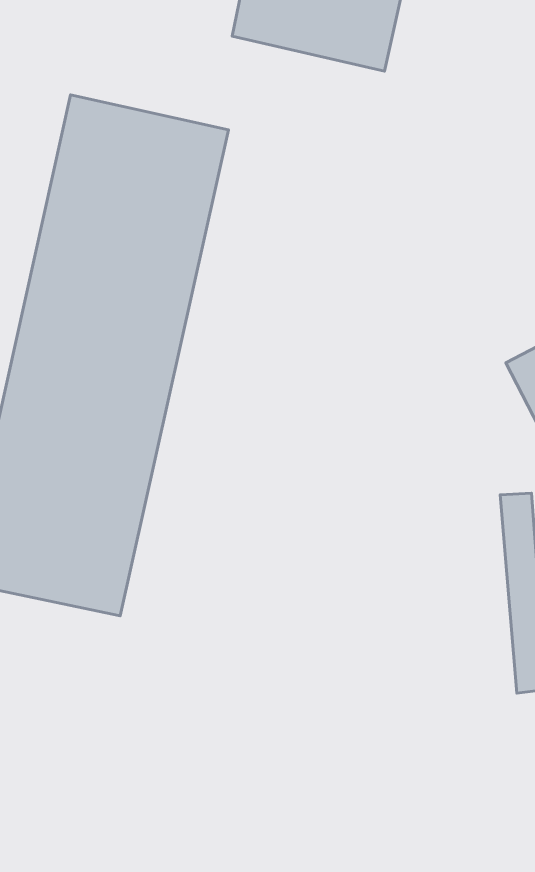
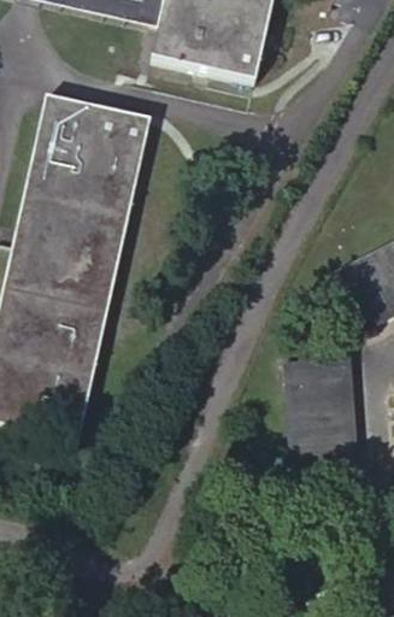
building: none -> [283,354,340,488]

